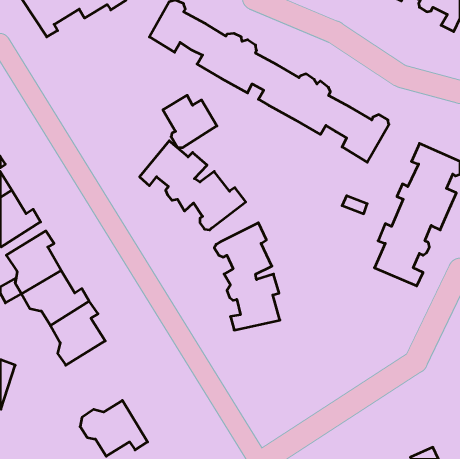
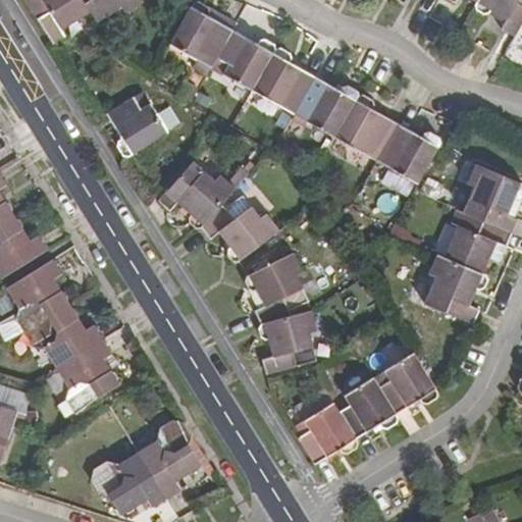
building: [163,95,217,148] -> [106,96,167,155]
building: none -> [298,352,438,464]
building: none -> [139,422,202,500]

